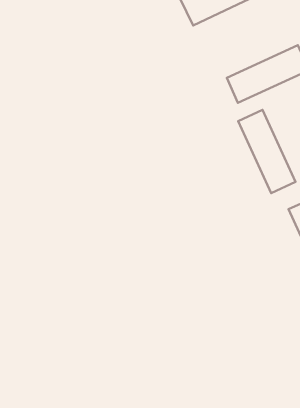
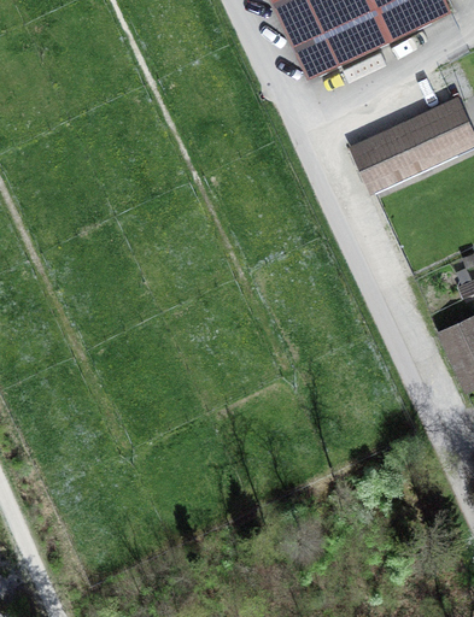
building: [238,110,295,193] -> none

